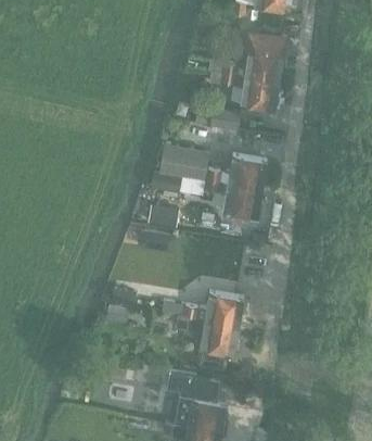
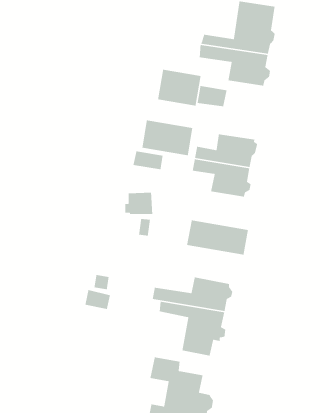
building: none -> [157,69,201,106]
building: none -> [186,220,249,256]

